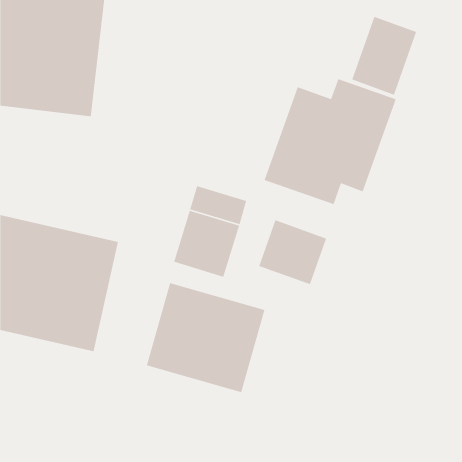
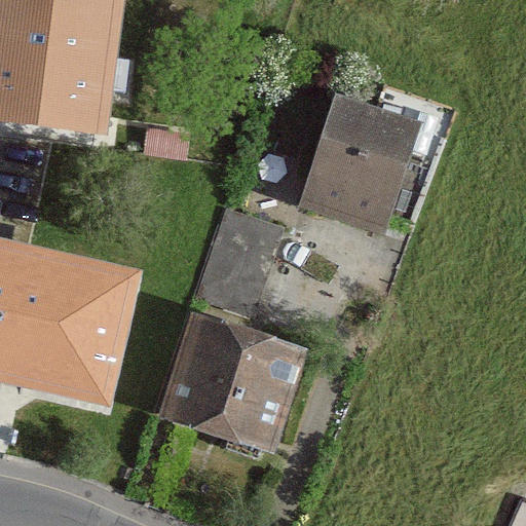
building: [351,16,417,96] -> none
building: [258,219,327,285] -> none

